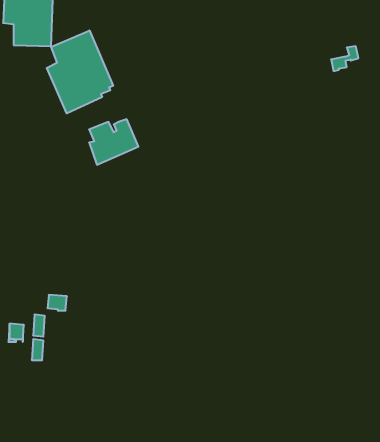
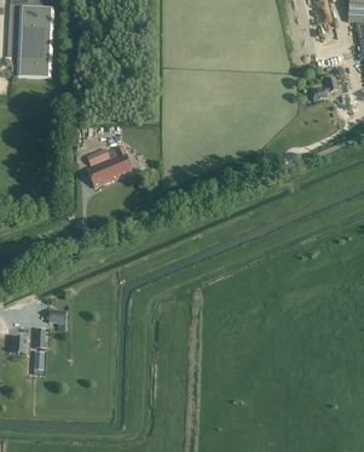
building: [47,30,113,113] -> none

